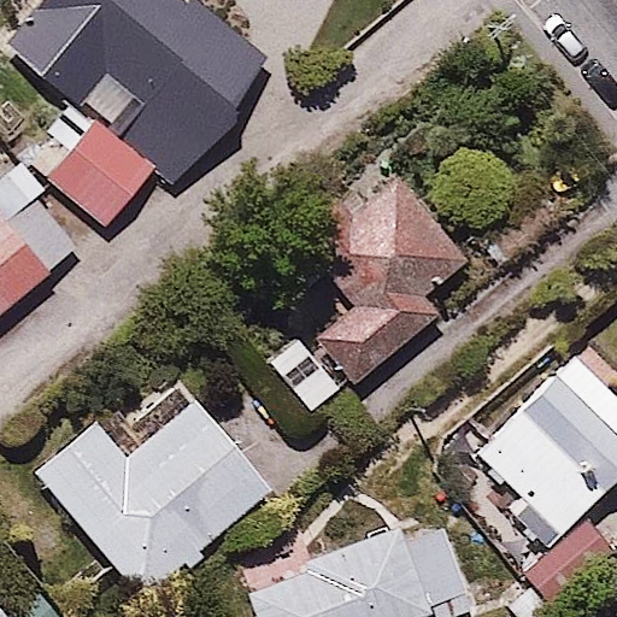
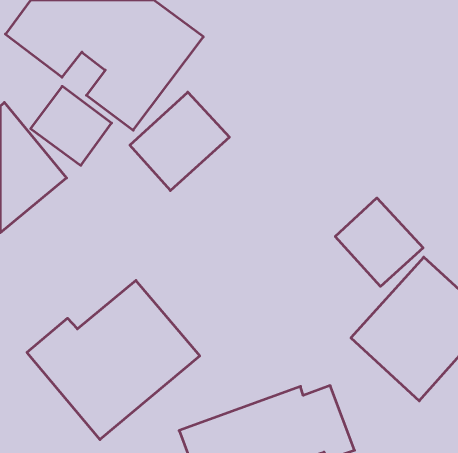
building: none -> [130,92,229,191]
building: [287,157,468,386] -> none
building: none -> [335,198,423,286]

